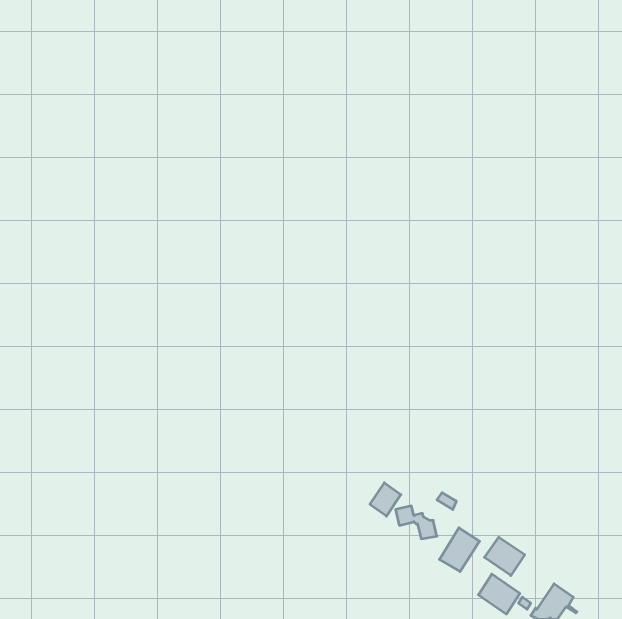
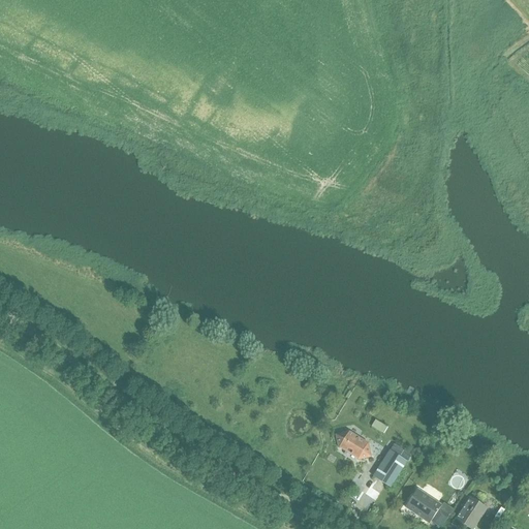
building: [370,483,401,516] -> none
building: [484,537,525,576] -> none

